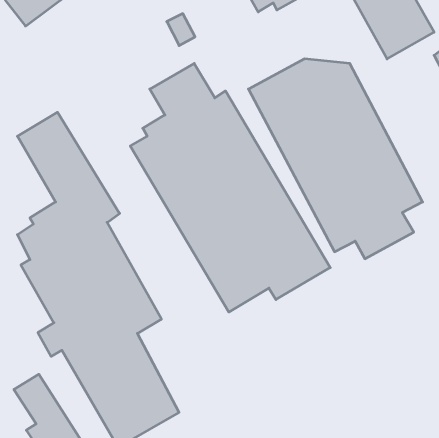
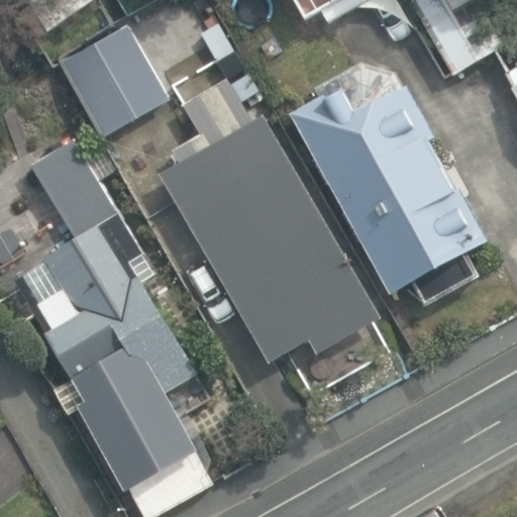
building: none -> [59,25,168,137]

